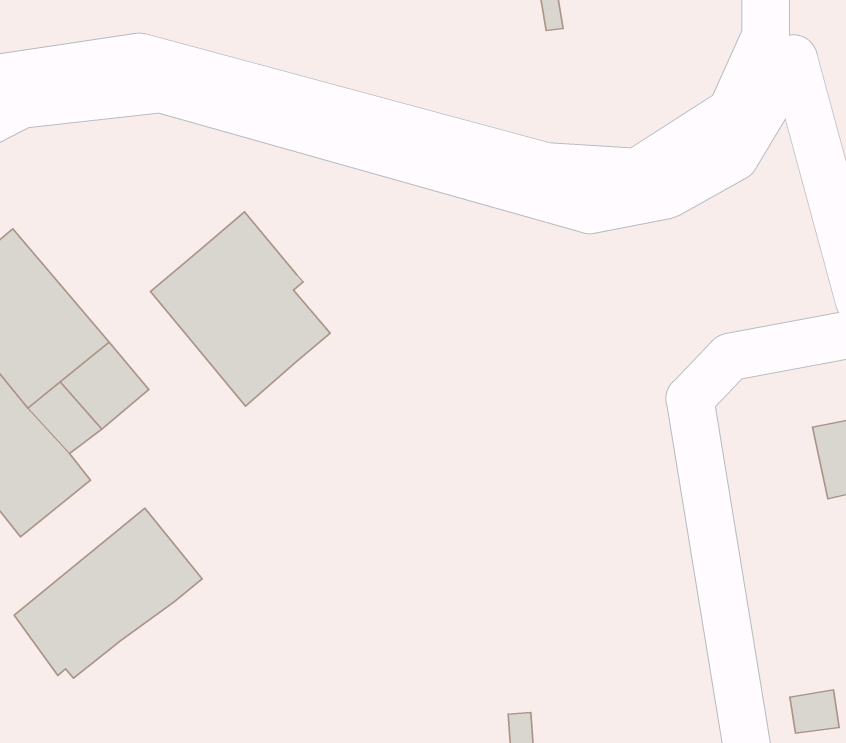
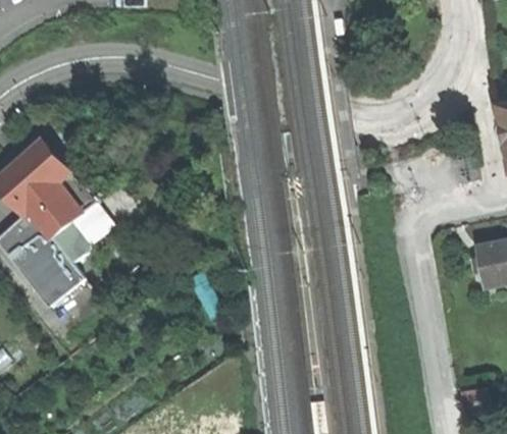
building: [151,212,330,406] -> none
building: [14,508,202,678] -> none

